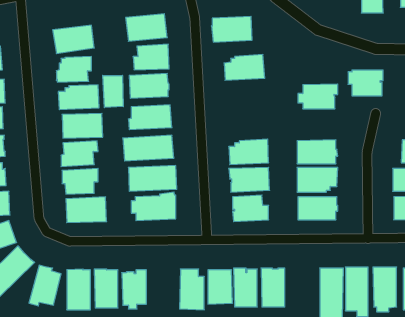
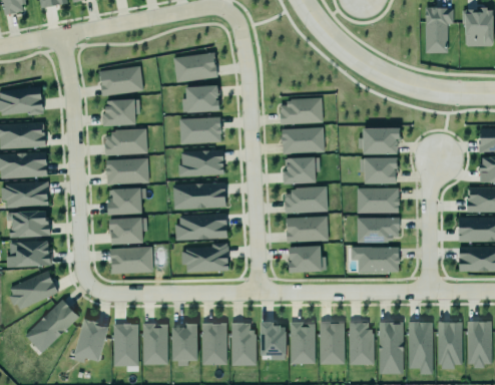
building: [211,16,252,42] -> [281,126,324,153]
building: [348,70,383,96] -> [360,156,397,183]
building: [103,75,123,108] -> none
building: none -> [283,156,320,183]
building: none -> [349,322,374,364]
building: none -> [203,323,229,365]

